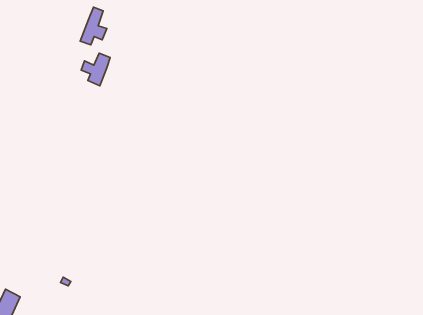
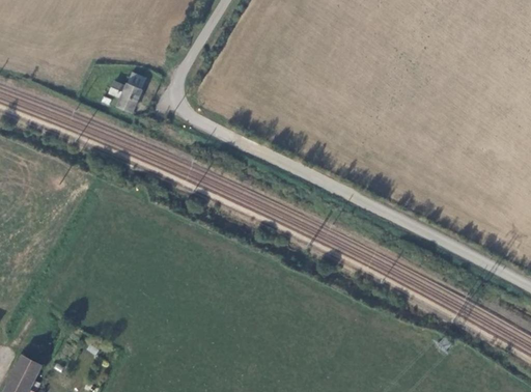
building: [80,7,107,45] -> none

